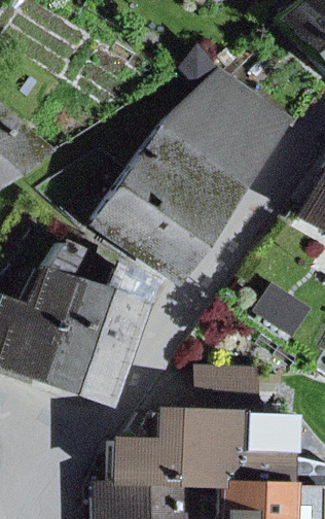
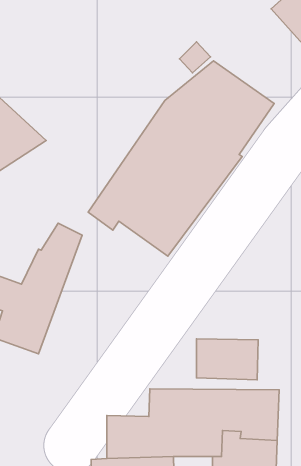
building: [40,255,143,399] -> none

